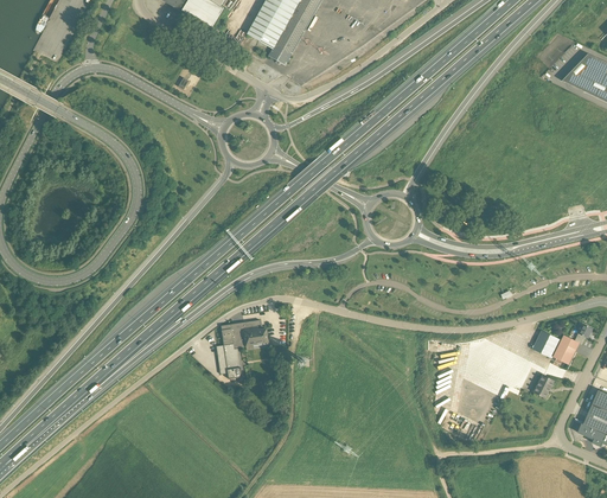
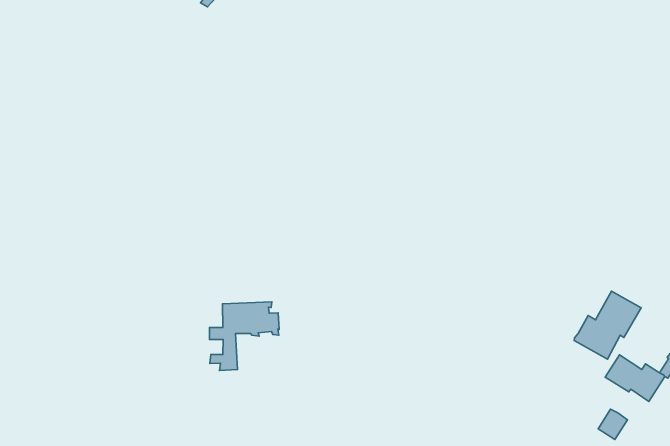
building: none -> [574,291,641,359]

